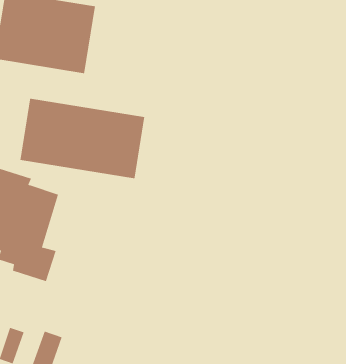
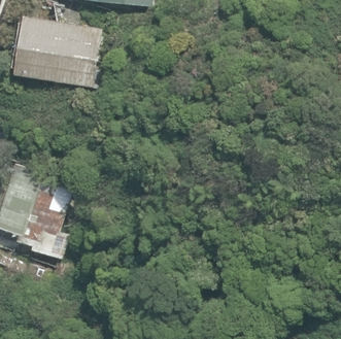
building: [20,98,145,179] -> none

